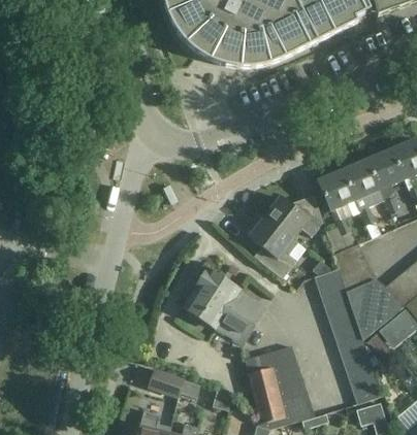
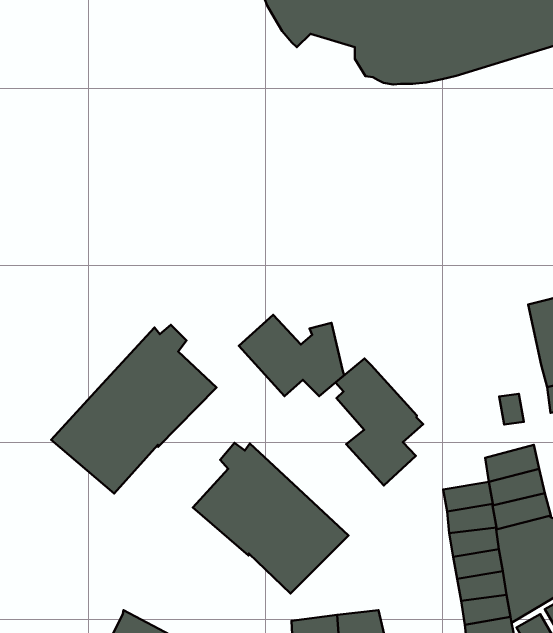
building: [319,169,356,210] -> none
building: [265,195,324,238] -> [239,315,344,396]
building: none -> [51,325,217,493]

